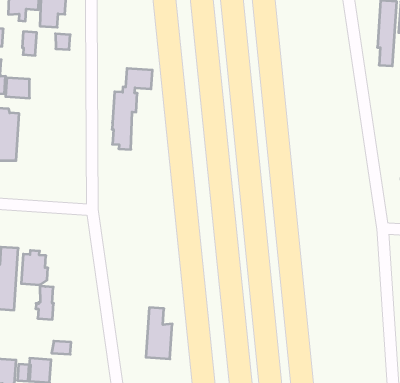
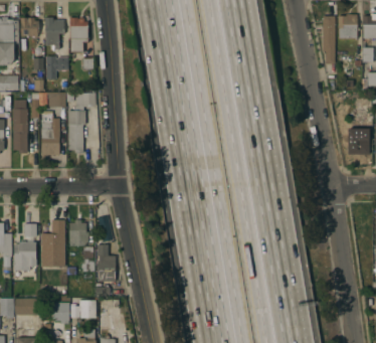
building: [112,68,152,149] -> [67,93,95,153]
building: [146,308,172,359] -> [97,244,115,282]

